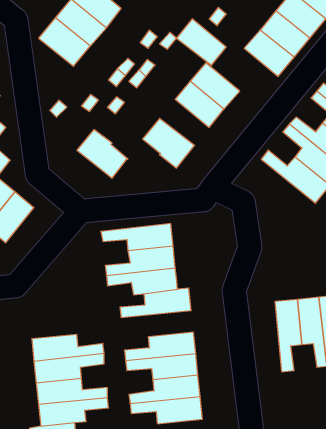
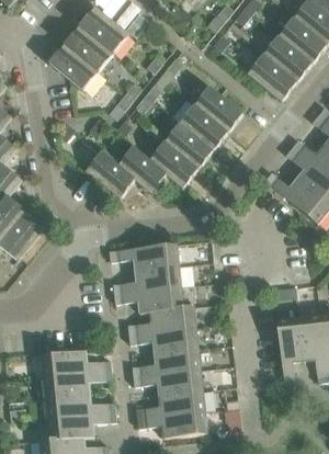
building: [176,19,226,65] -> [164,122,213,167]
building: none -> [117,146,166,193]
building: none -> [127,327,197,352]

